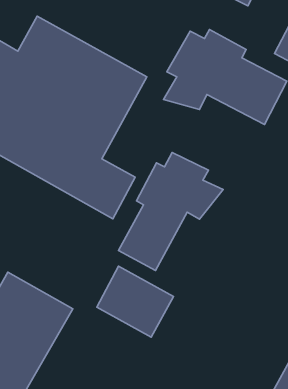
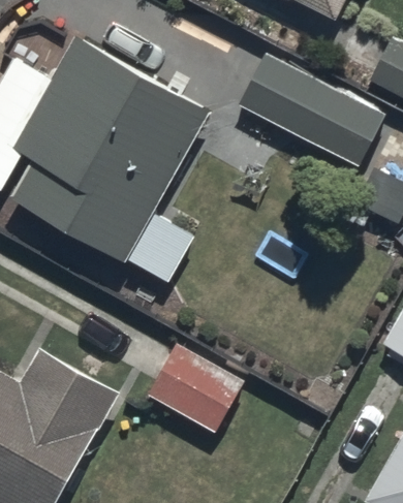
building: [119,152,223,271] -> none

